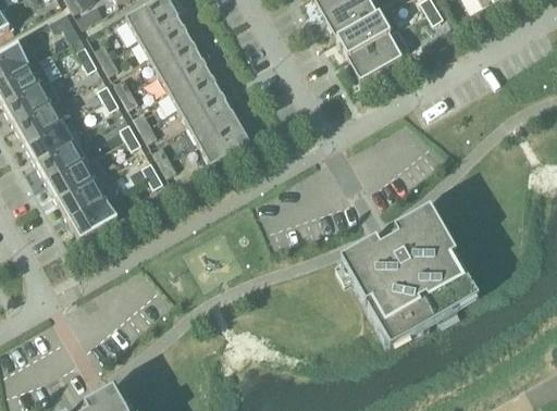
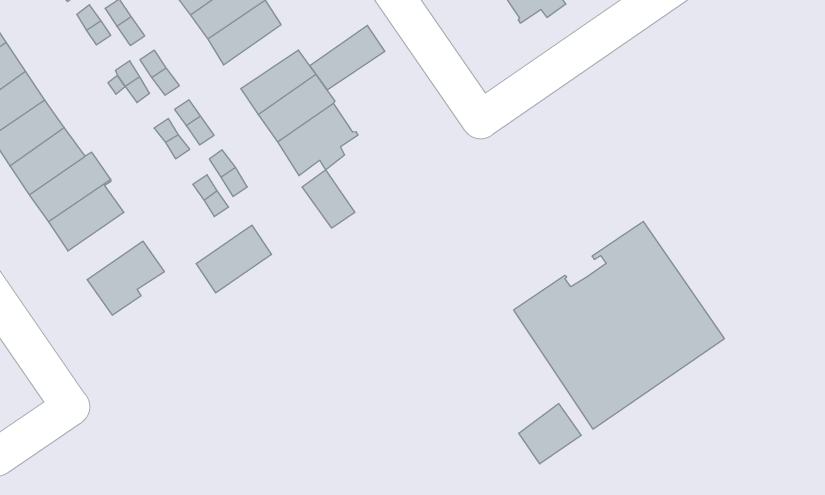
building: [166,66,215,105] -> [310,25,385,90]
building: none -> [302,170,355,228]
building: [57,178,106,220] -> [196,225,272,293]
building: none -> [519,404,581,464]

